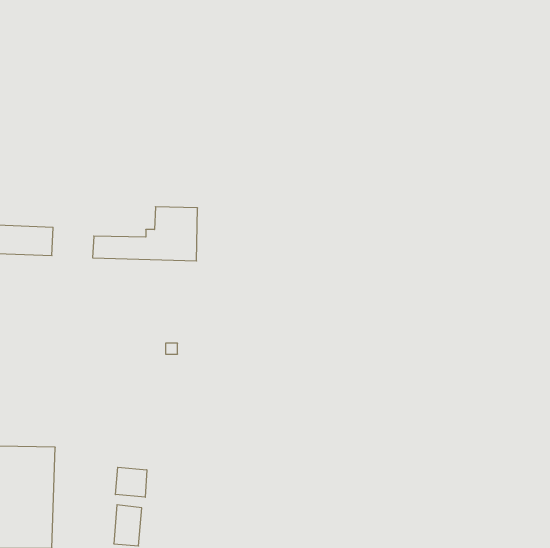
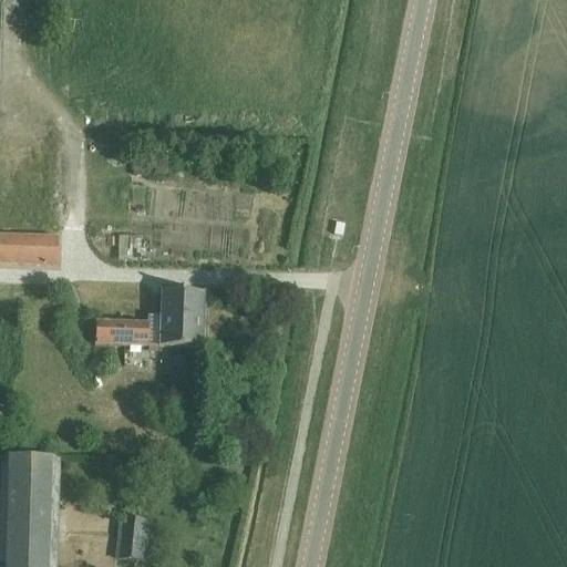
building: [93,207,198,261] -> [93,289,200,344]
building: [115,467,147,497] -> none

